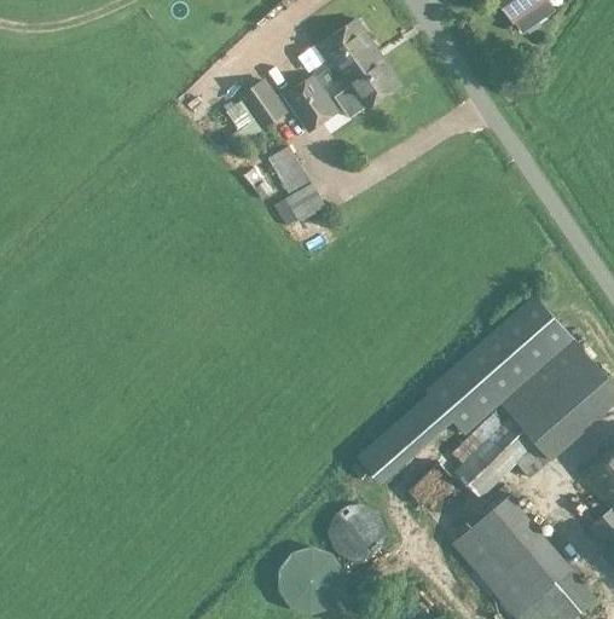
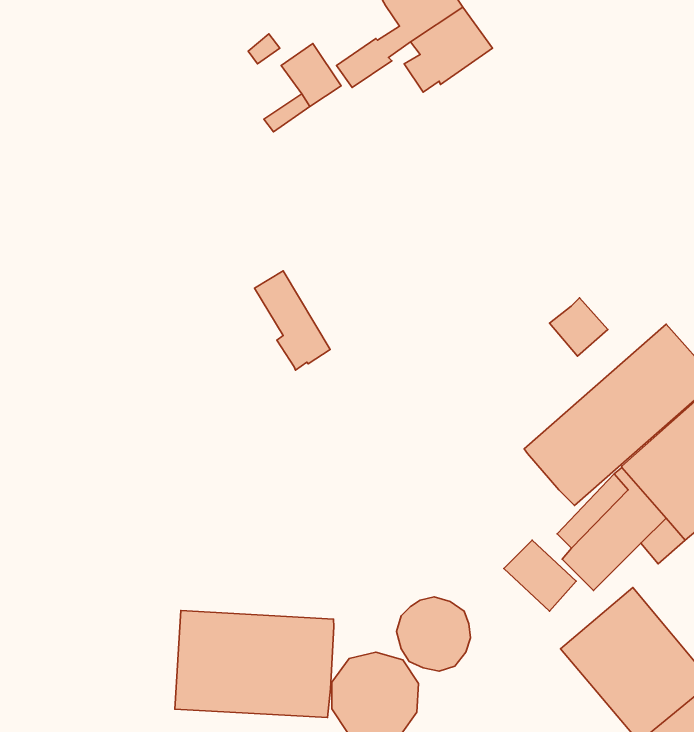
building: [294,93,336,131] -> none
building: [267,146,325,222] -> [255,271,330,370]
building: none -> [549,298,608,356]
building: [355,394,452,485] -> none
building: none -> [175,611,334,718]

